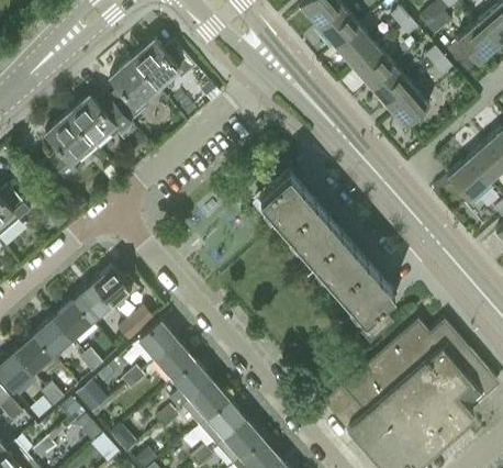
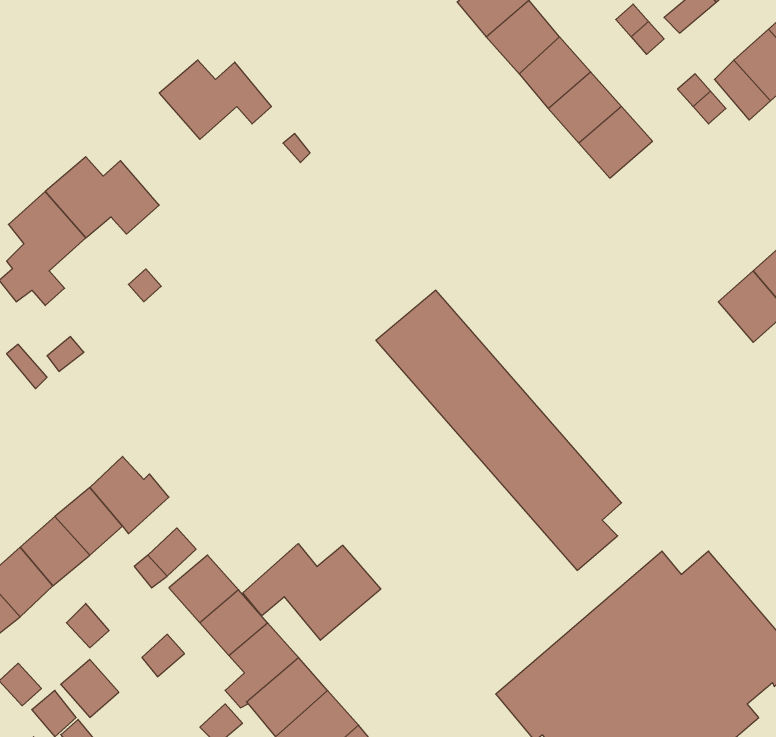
building: [110,59,155,123] -> none
building: [388,87,429,127] -> none
building: none -> [243,544,381,640]

